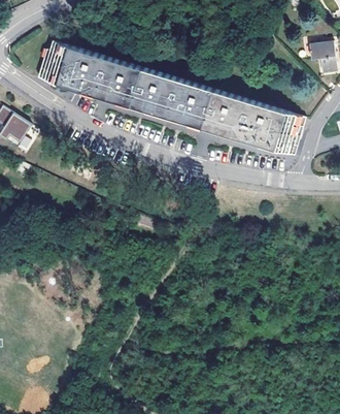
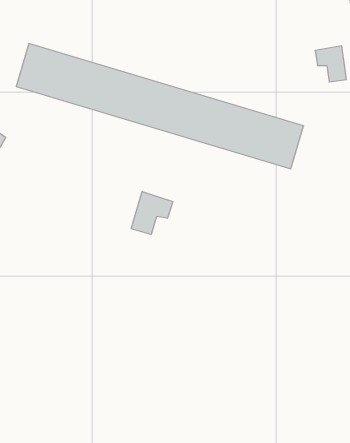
building: none -> [131,191,173,235]

